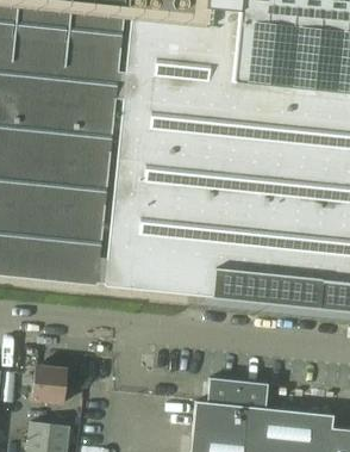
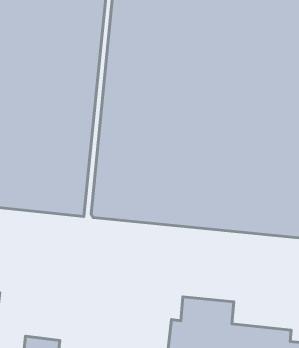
building: [33,365,68,404] -> none

